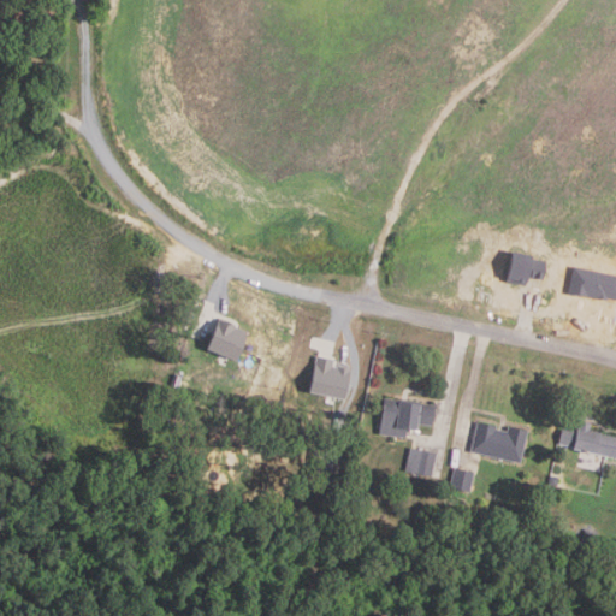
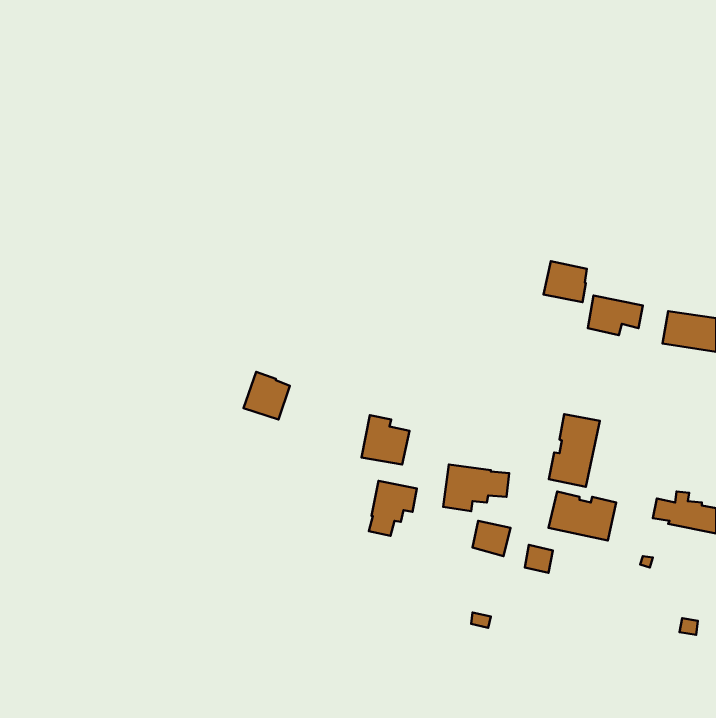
building: none -> [543,261,587,302]
building: none -> [549,414,600,487]
building: none -> [369,481,417,536]

